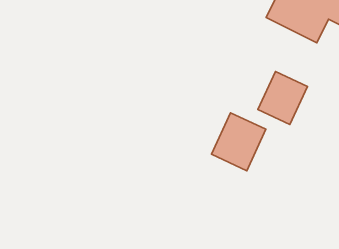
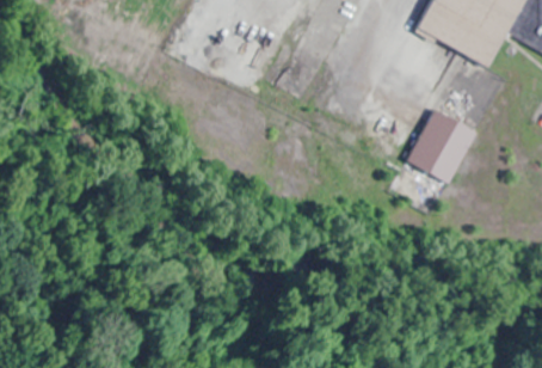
building: [211,113,266,171] -> none

